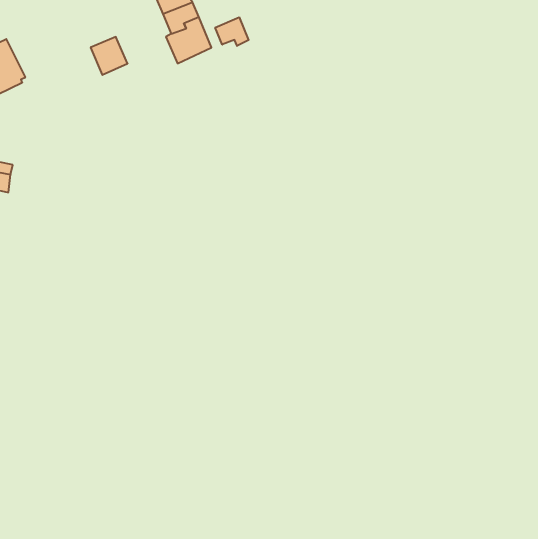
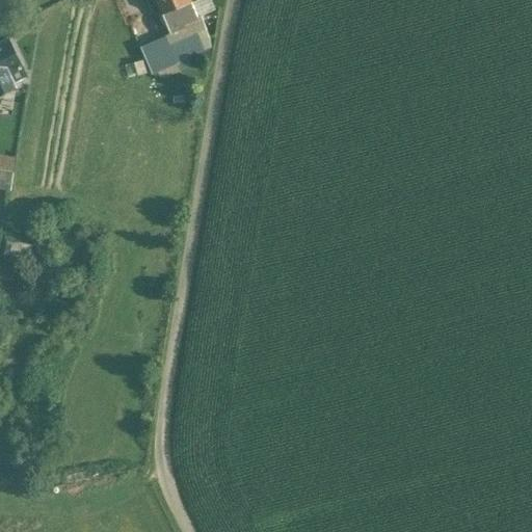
building: [215,17,249,46] -> none
building: [91,37,128,75] -> [138,36,175,74]

